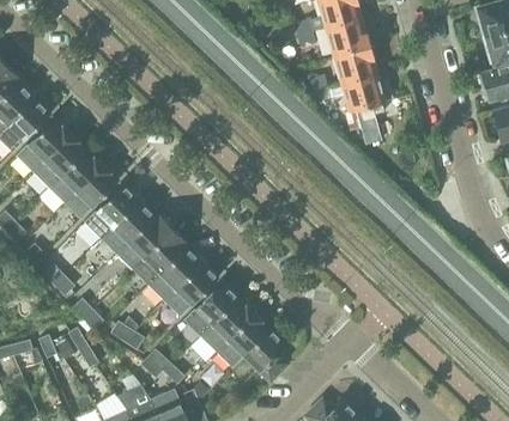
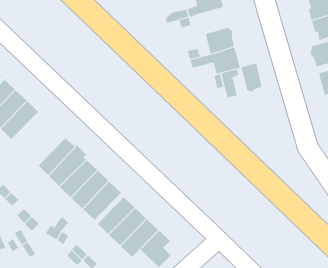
building: [326,17,370,54] -> none
building: none -> [241,62,262,92]
building: [63,163,119,218] -> none
building: [84,183,139,238] -> none

